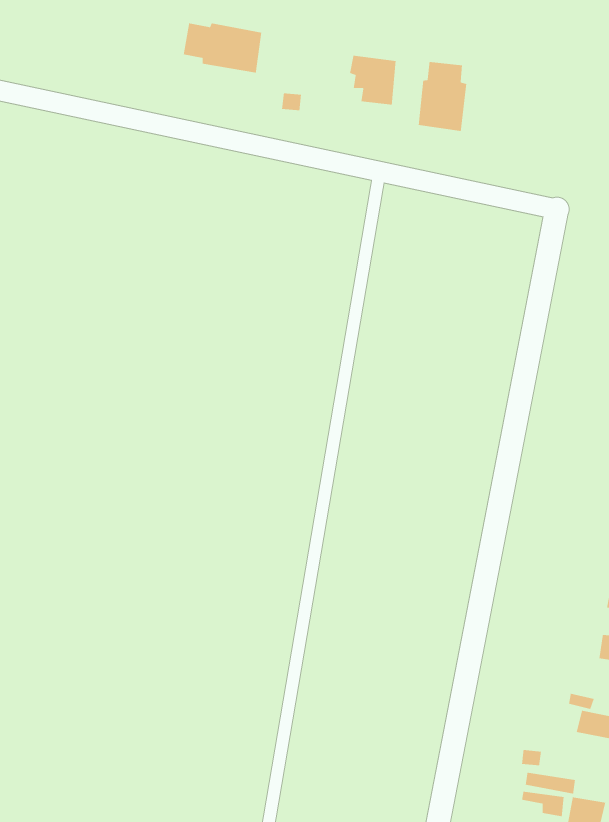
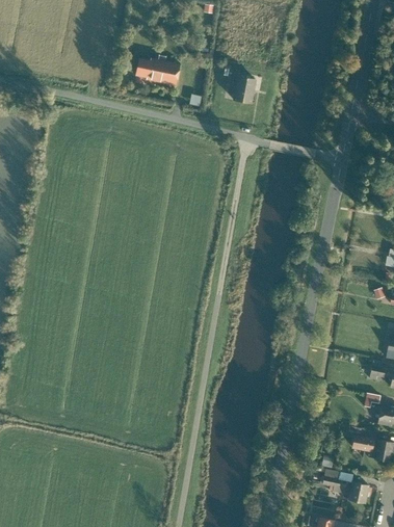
building: [418,61,467,132] -> none

